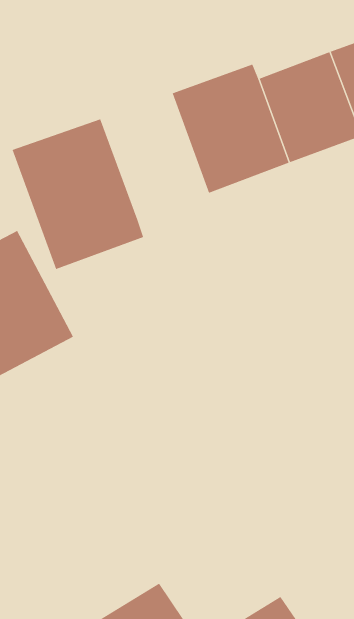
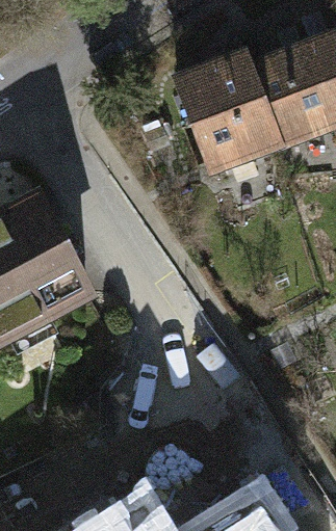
building: [12,118,144,270] -> none

